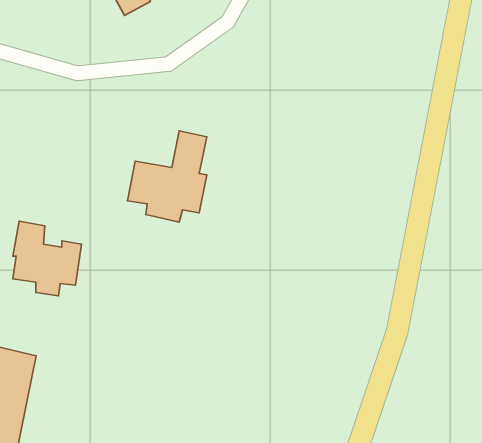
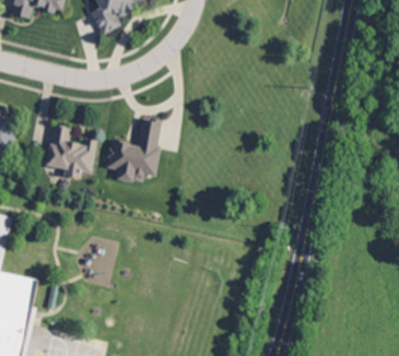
building: [13,221,81,296] -> [48,124,97,178]

